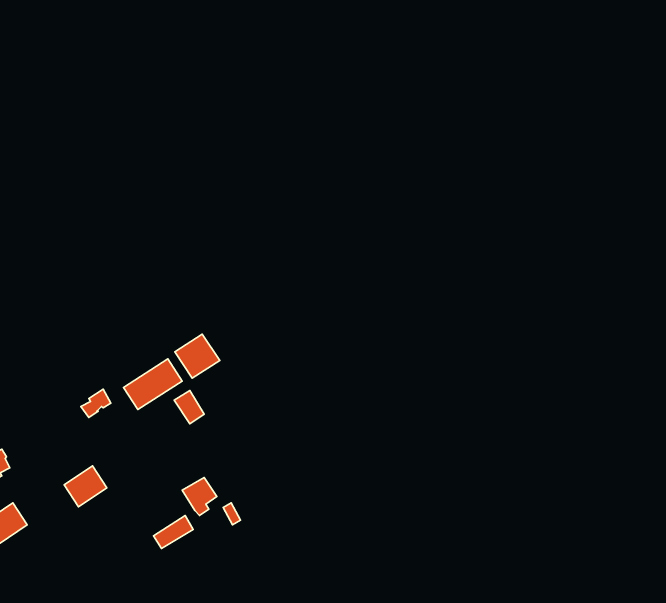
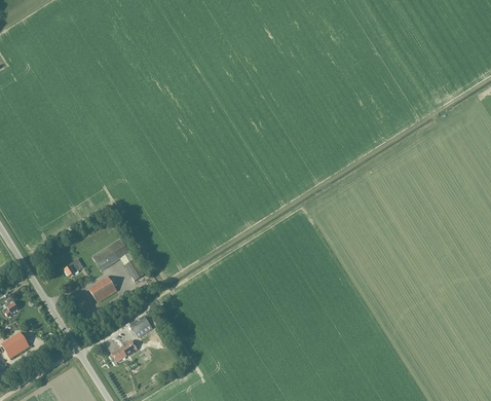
building: [175,334,220,378] -> none
building: [64,466,107,507] -> [87,276,115,302]

